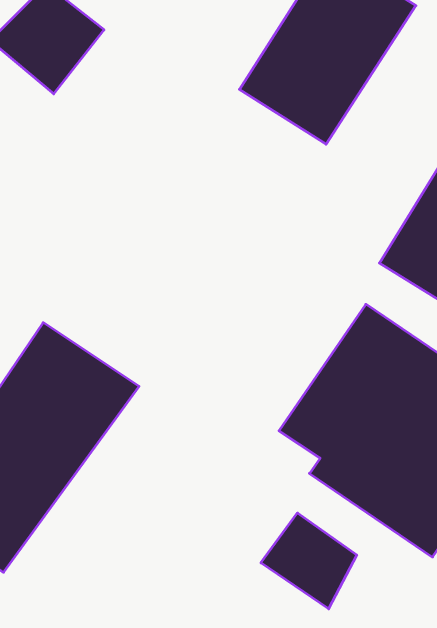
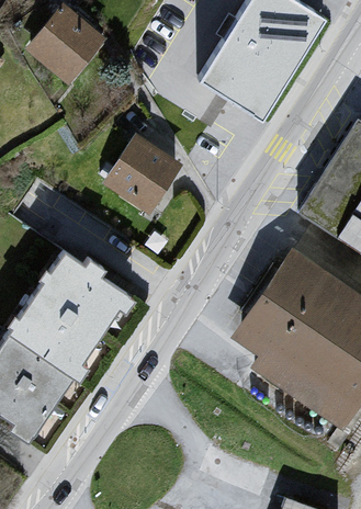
building: none -> [101,135,181,217]
building: [261,513,357,609] -> none

